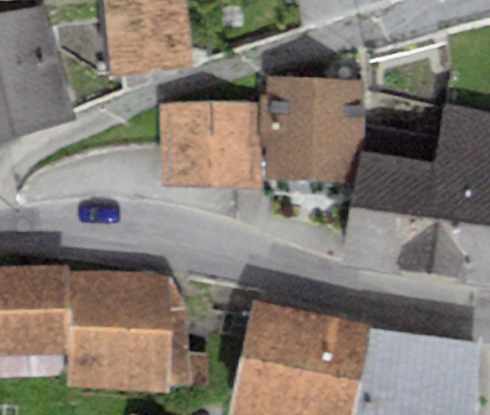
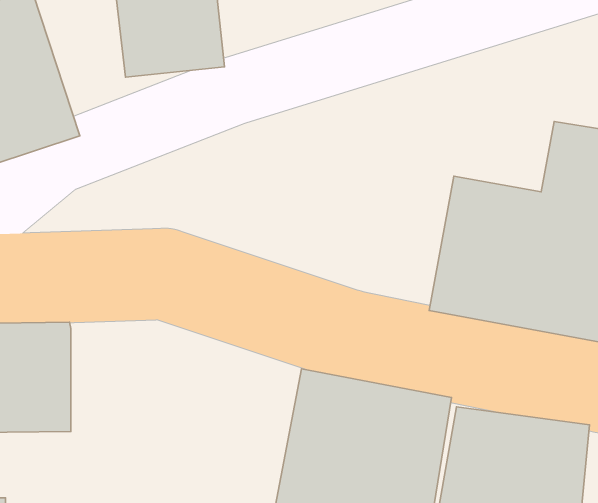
building: [260,77,364,175] -> none
building: [159,101,257,188] -> none
building: [69,270,208,392] -> none

